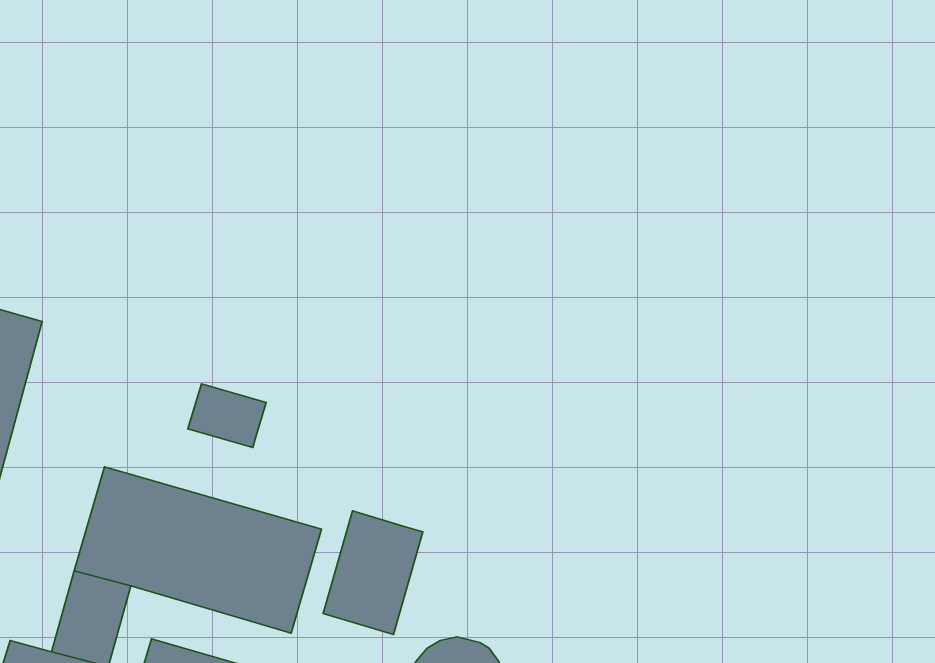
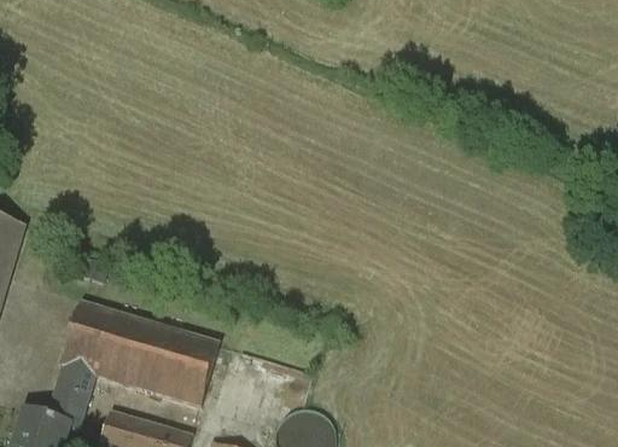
building: [188,384,266,448] -> none
building: [323,511,423,635] -> none

